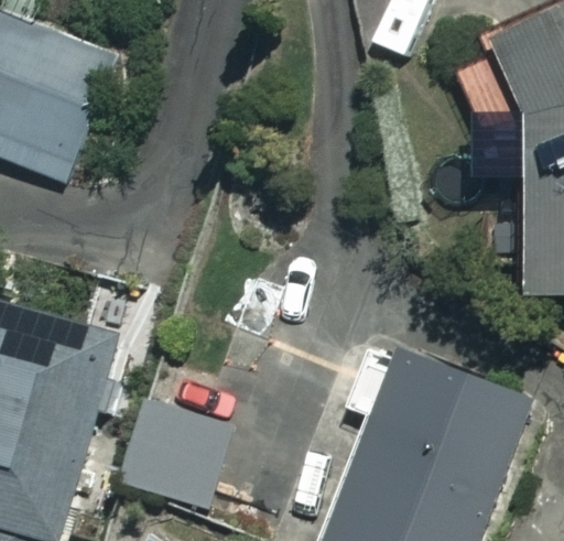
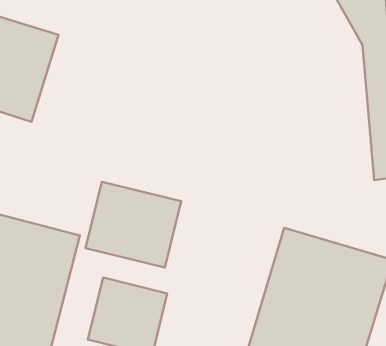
building: none -> [85,182,181,268]

